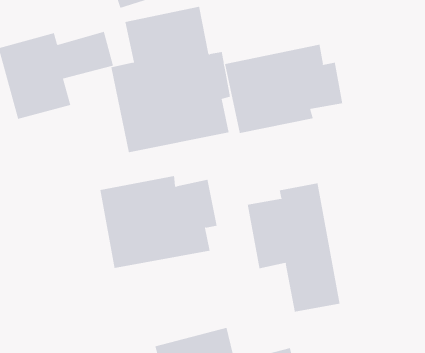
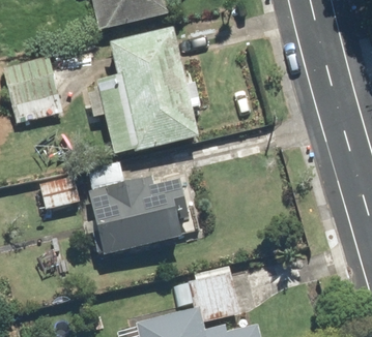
building: [225,44,343,134] -> none
building: [247,183,340,313] -> none

